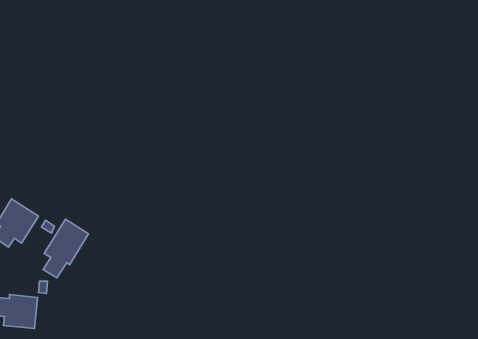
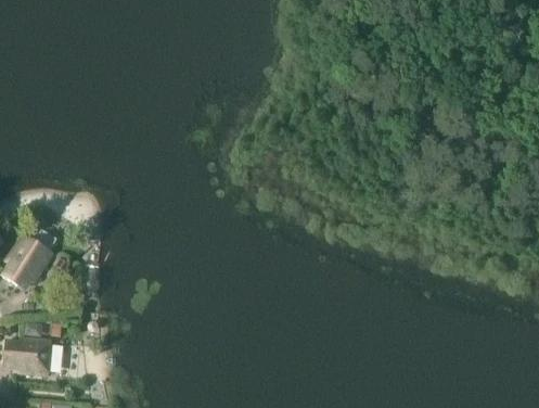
building: [43,219,89,278] -> none

